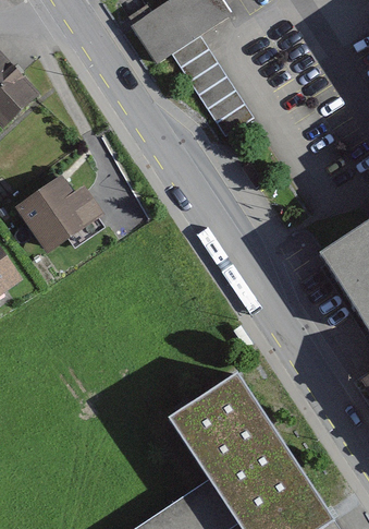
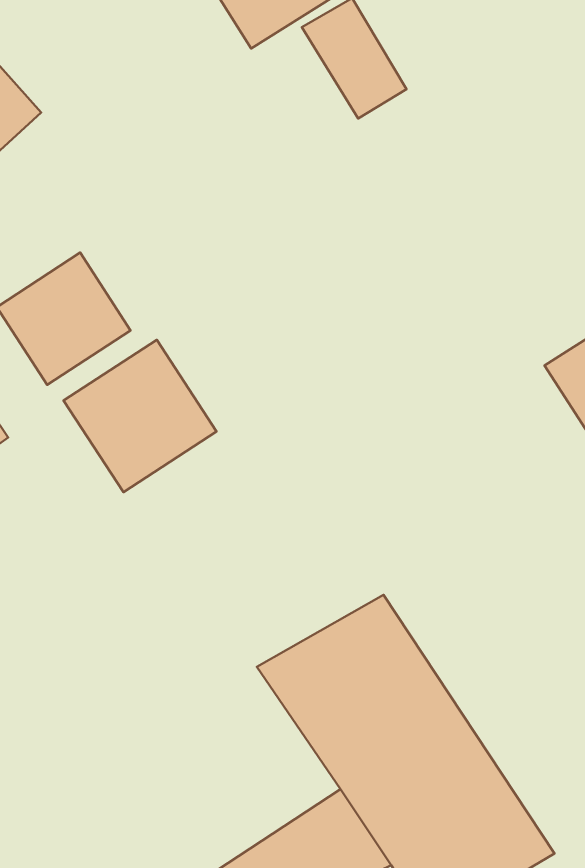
building: none -> [64,340,216,492]

